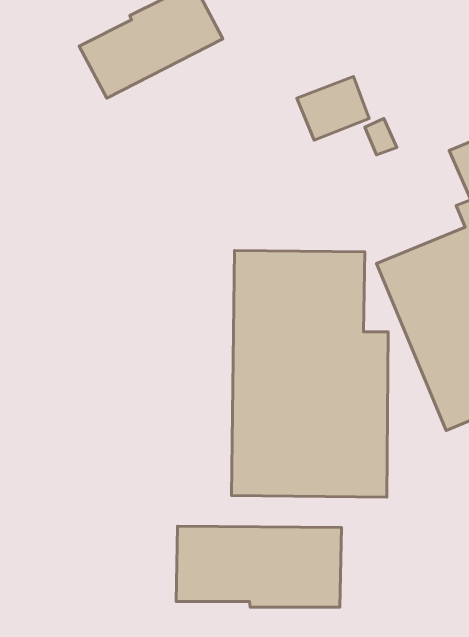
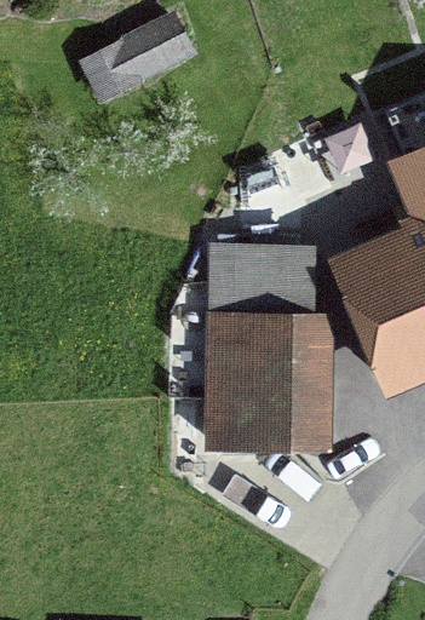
building: [176,526,341,607] -> none

